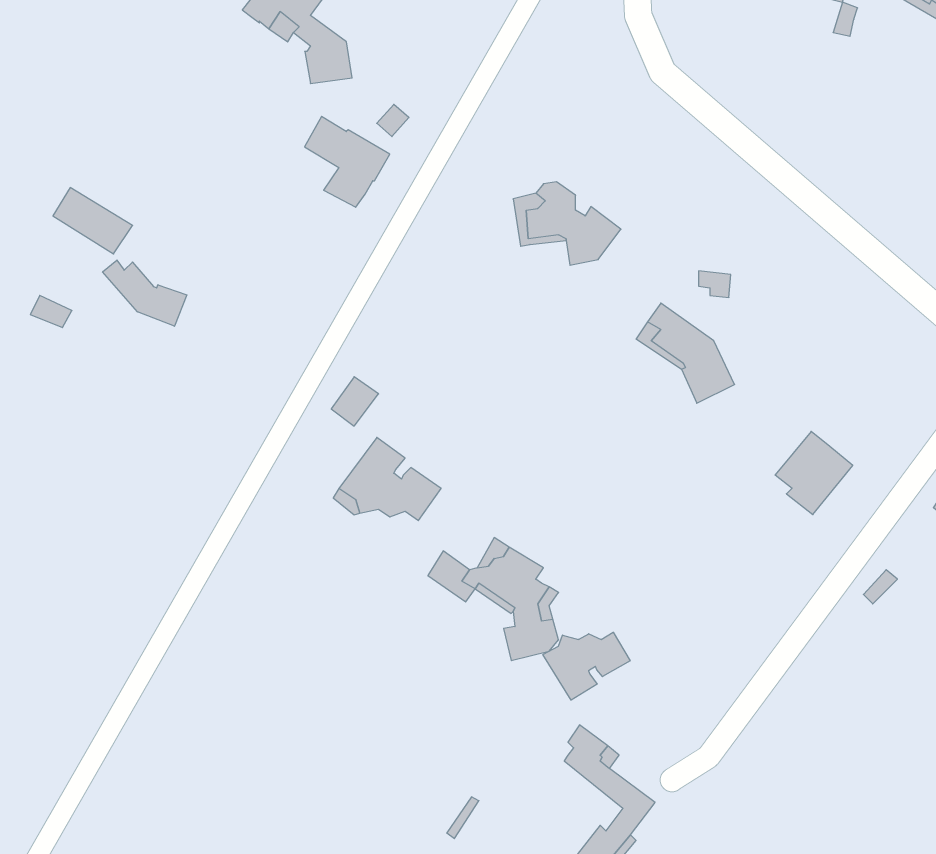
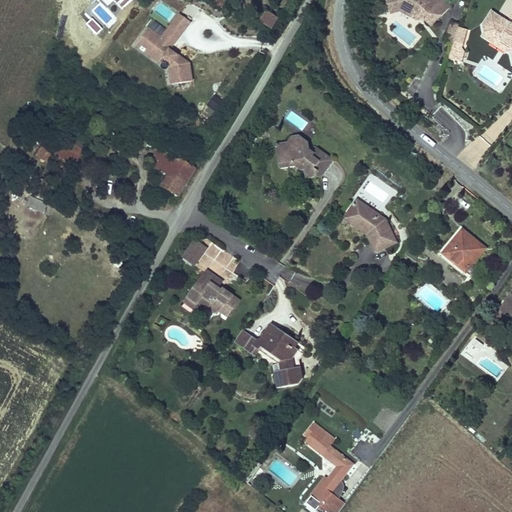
building: [305,116,390,207] -> [148,147,193,195]
building: [103,260,187,326] -> none
building: none -> [209,249,239,277]
building: [775,431,853,515] -> [443,230,484,274]
building: [543,632,630,700] -> none

